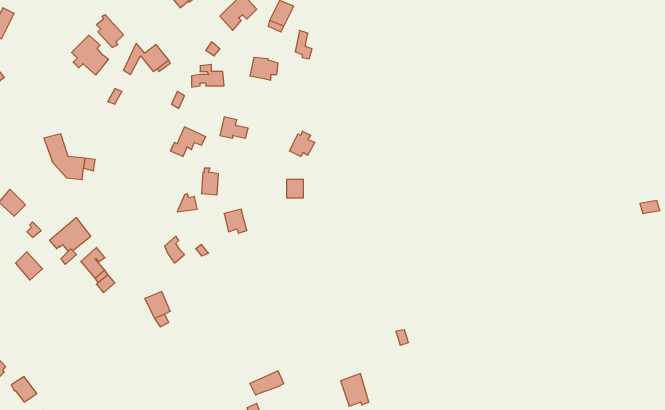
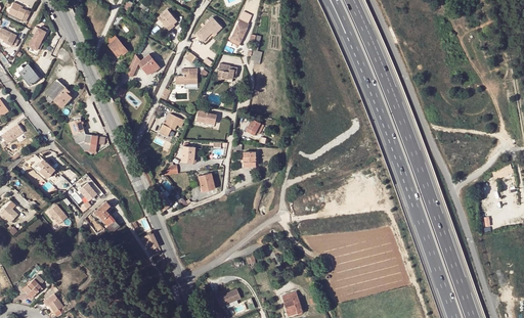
building: [72,35,109,75] -> [44,80,71,108]

